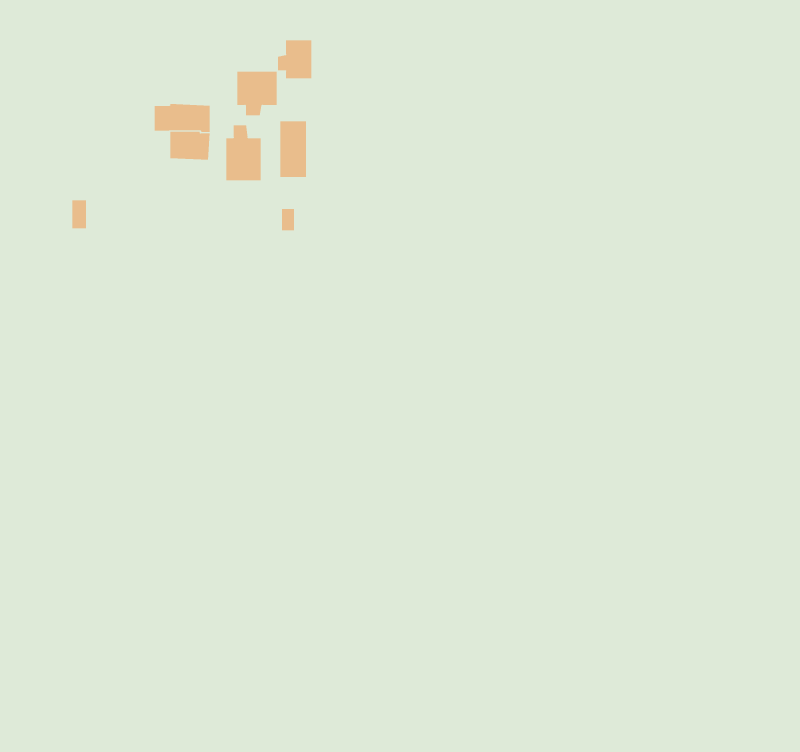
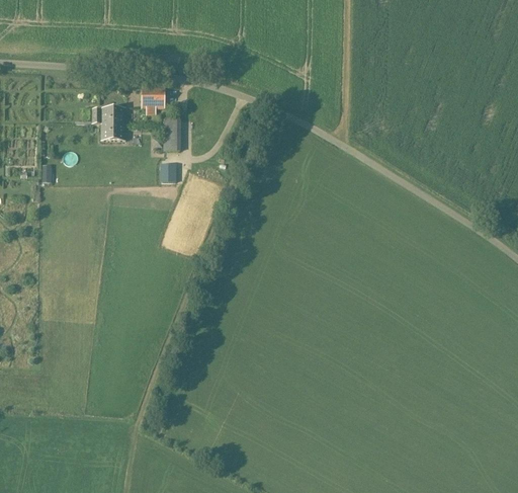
building: [278,40,312,79] -> none
building: [226,124,261,181] -> none

